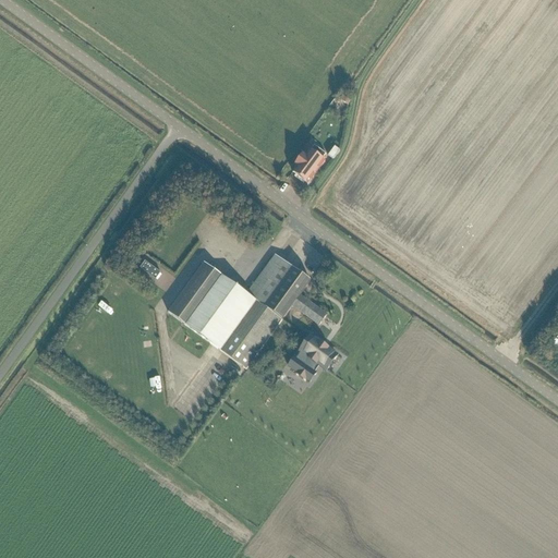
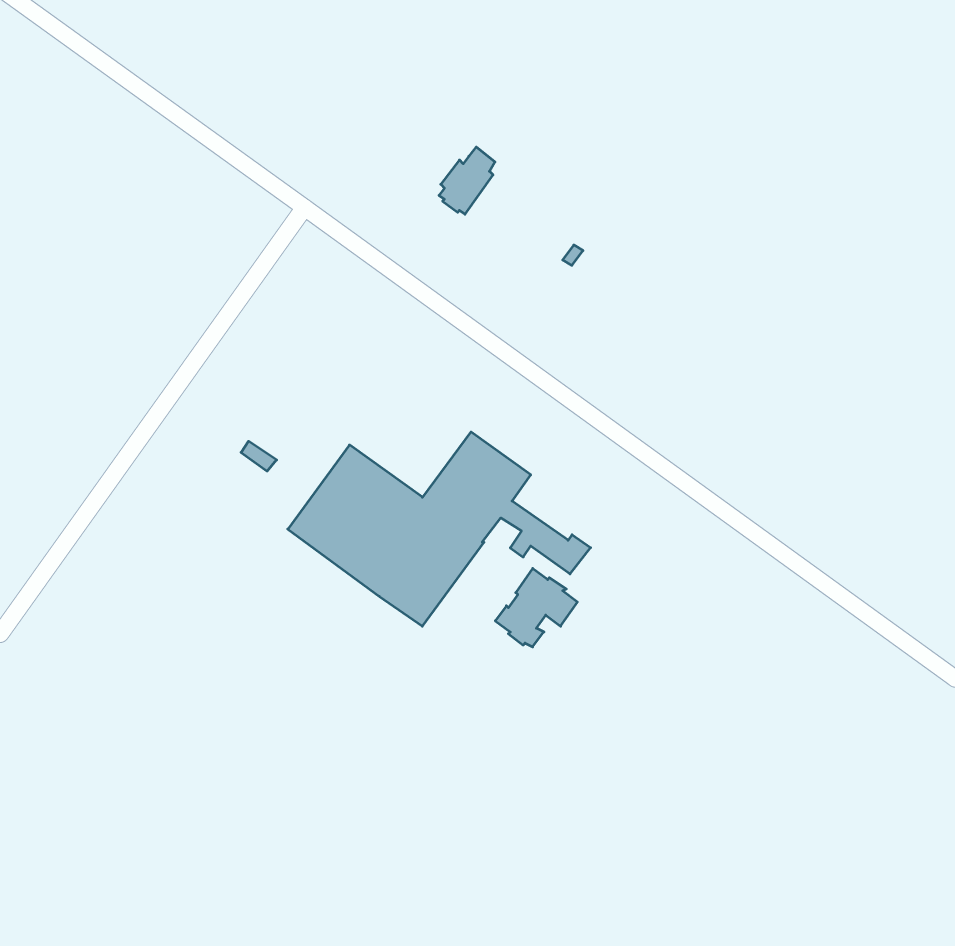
building: [292,141,325,180] -> [439,147,495,214]

